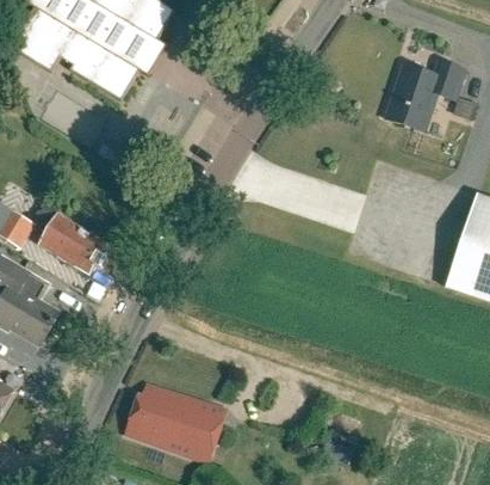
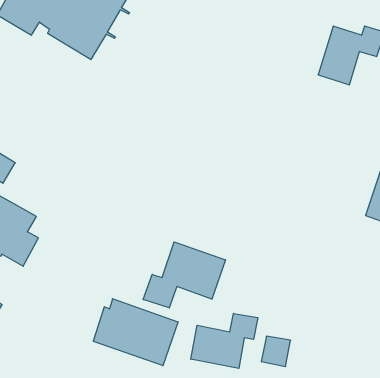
building: [36,202,105,274] -> none
building: none -> [143,242,225,308]
building: none -> [191,313,258,368]

